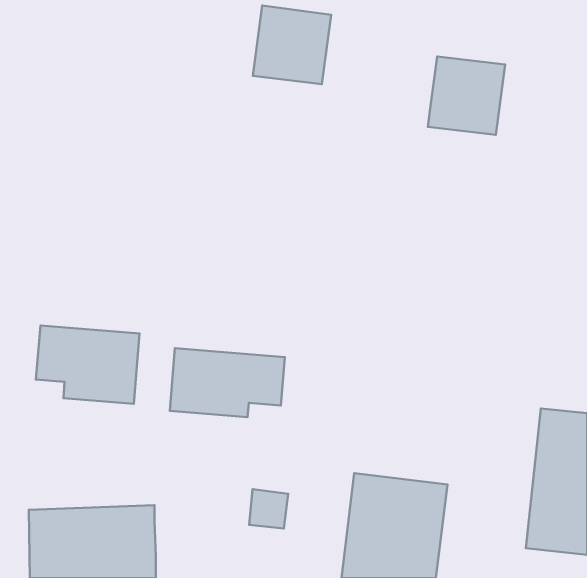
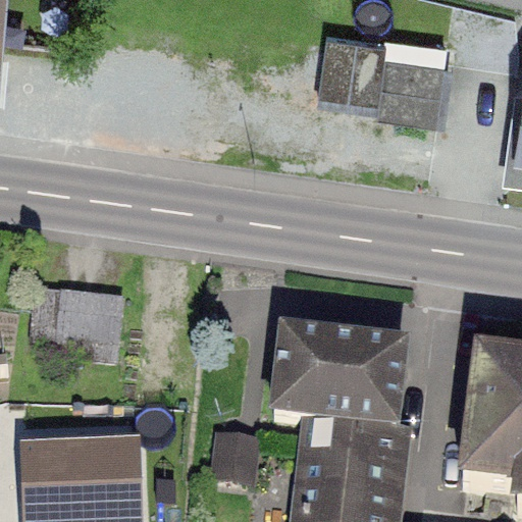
building: [253,6,331,84] -> [319,27,388,96]
building: [170,348,285,417] -> none
building: none -> [277,335,405,428]

